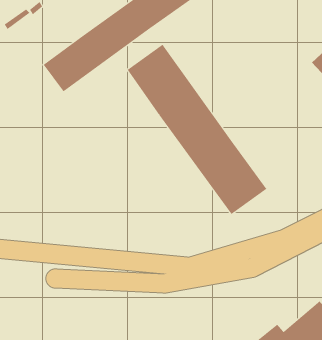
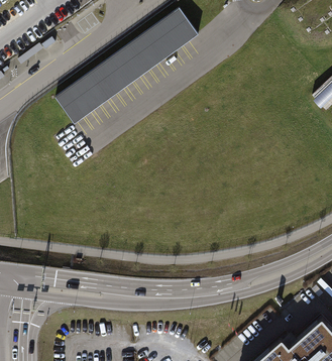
building: [127,44,267,215] -> none

